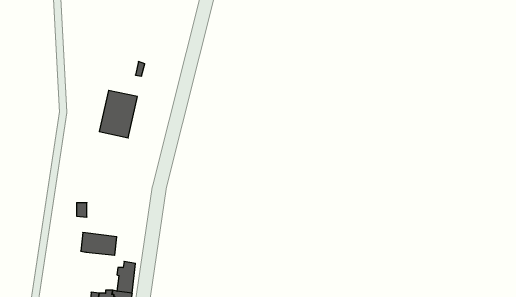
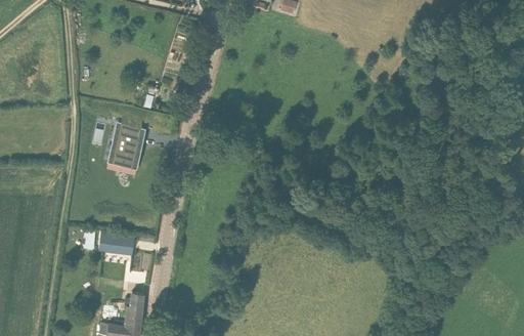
building: [81,233,117,255] -> [98,233,134,255]

